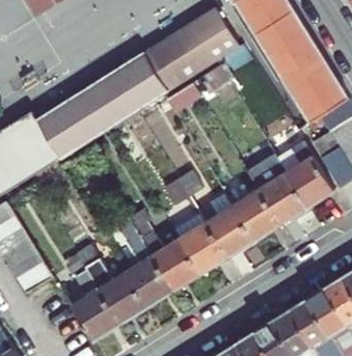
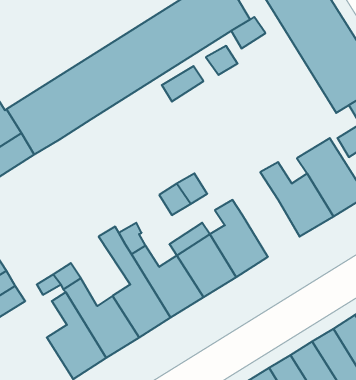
building: [233,193,279,240] -> none

